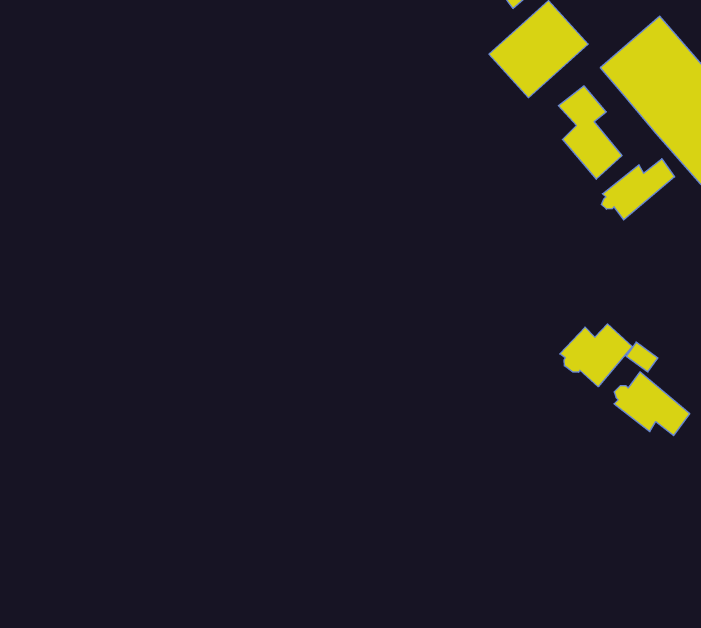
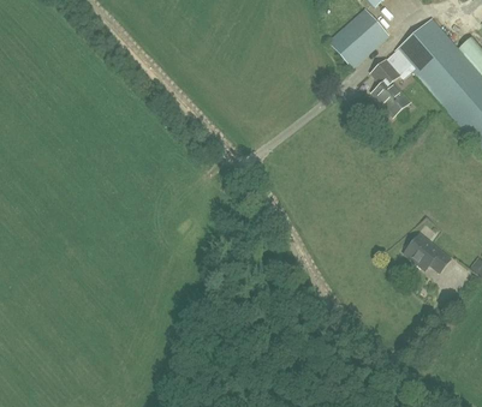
building: [601,159,675,220] -> none
building: [560,324,632,387] -> none

